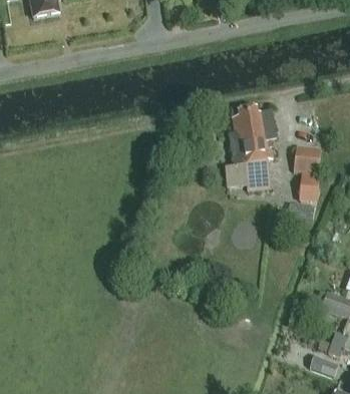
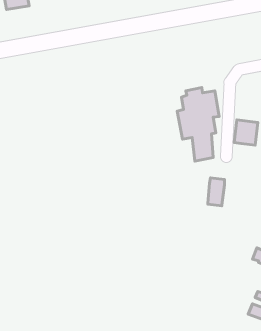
building: [298,168,317,201] -> [208,178,224,206]

